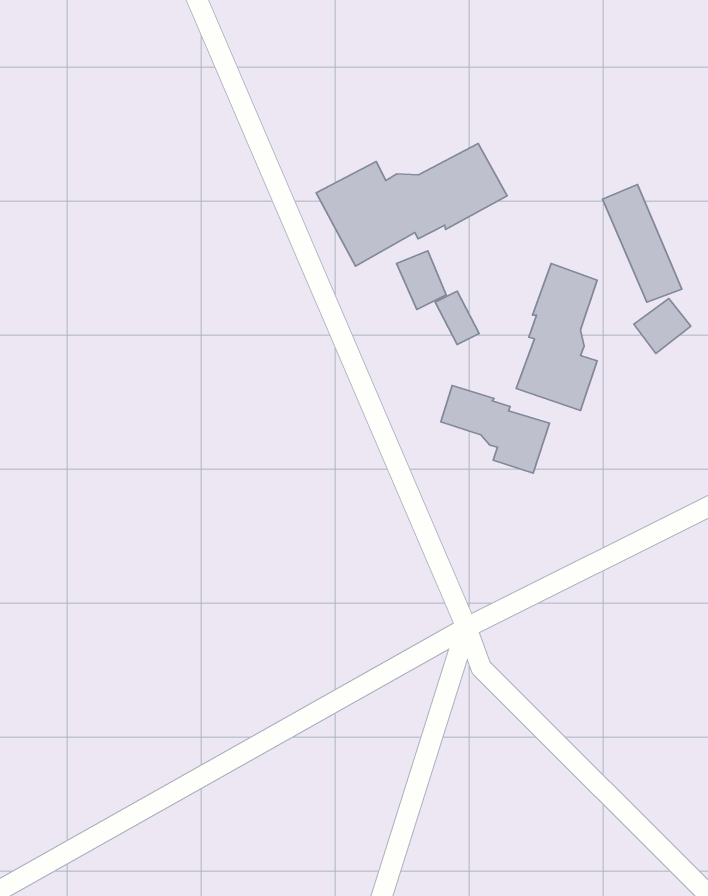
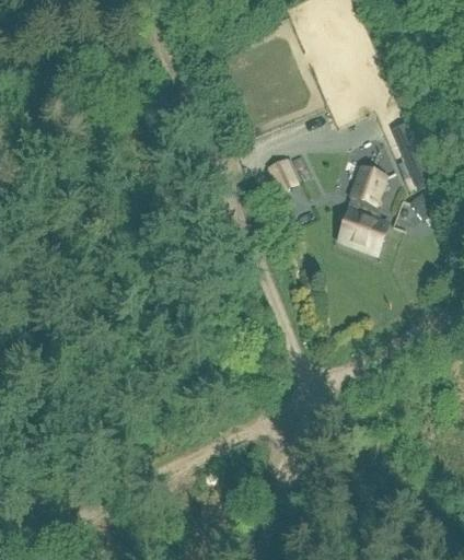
building: [316,144,507,266] -> none
building: [441,385,549,473] -> none

